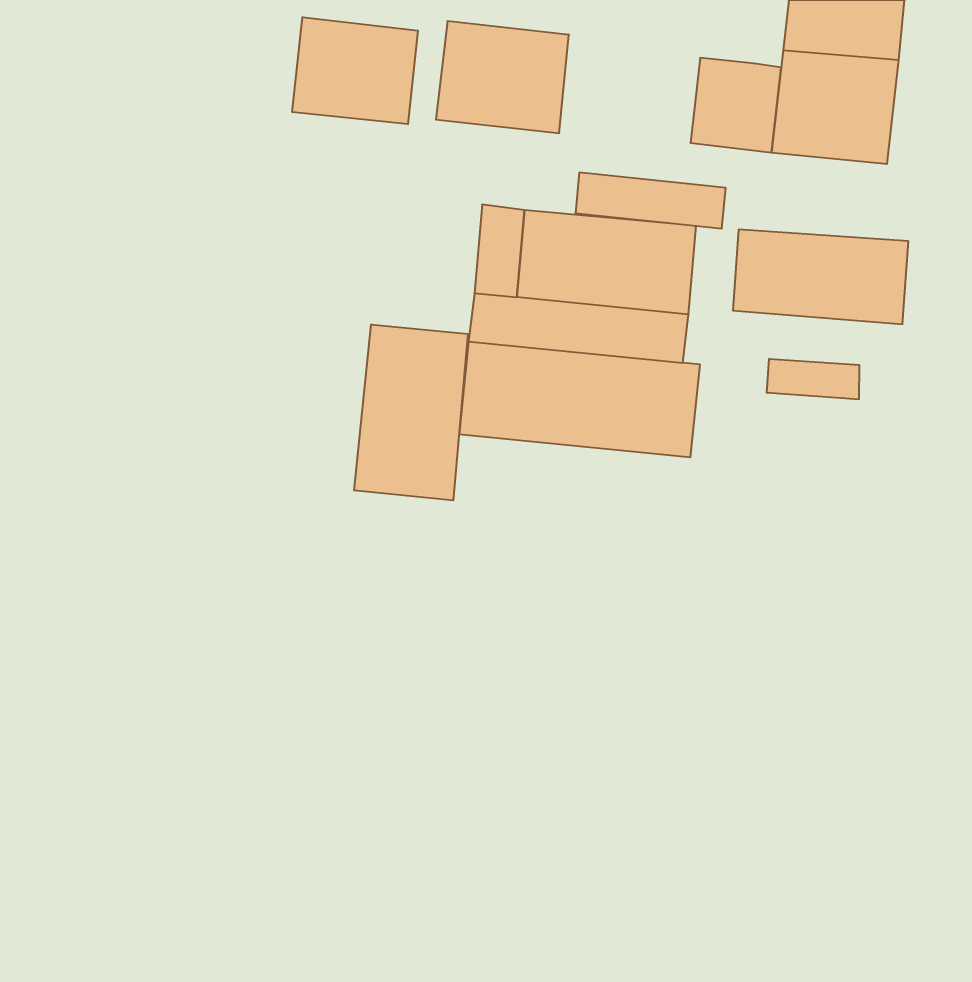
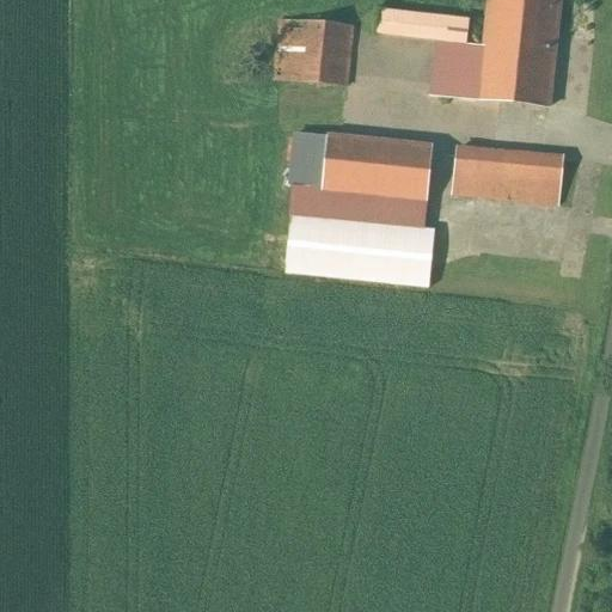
building: [292,17,418,124] -> none
building: [575,173,726,228] -> [377,7,470,42]
building: [354,324,468,500] -> none
building: [767,359,859,399] -> none

